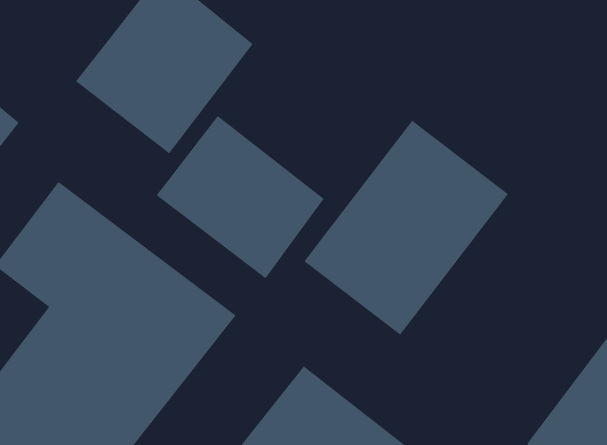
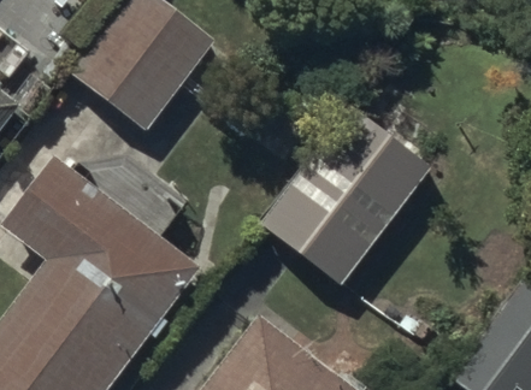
building: [156,115,324,279] -> none

